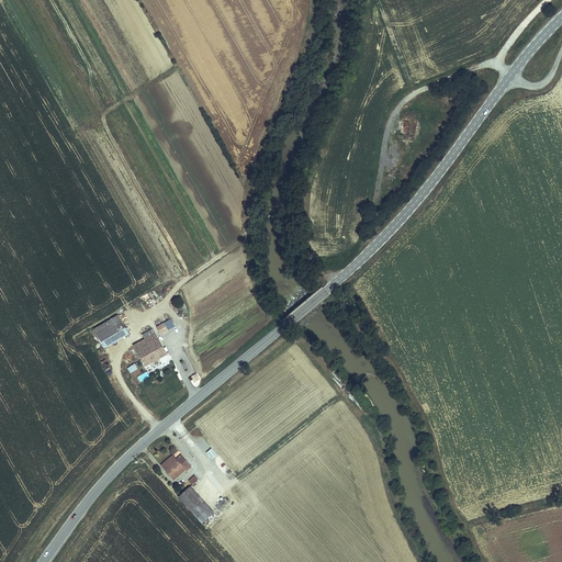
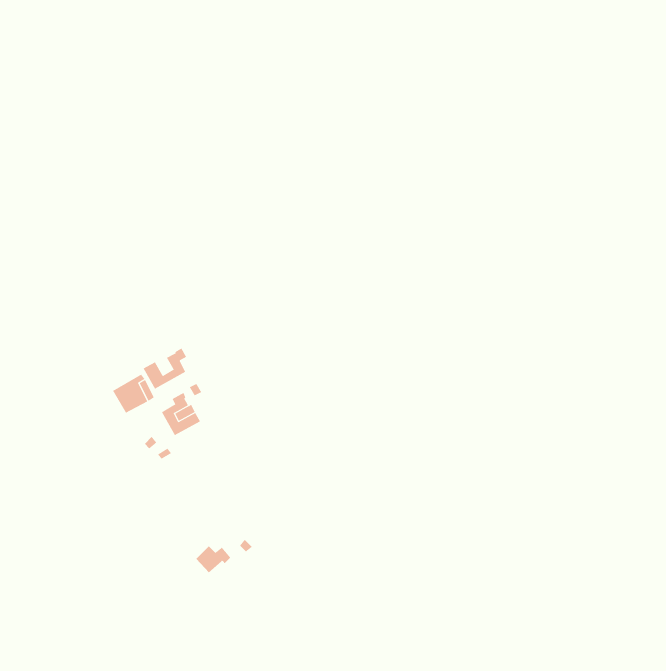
building: none -> [143,347,187,389]
building: [178,486,213,522] -> none

